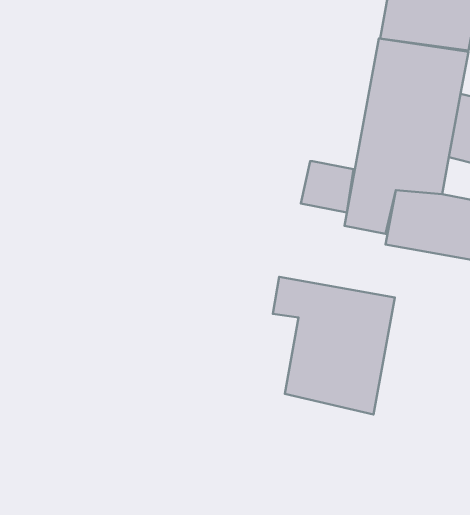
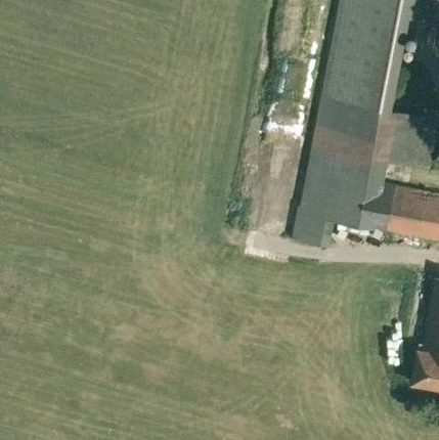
building: [301,161,354,213] -> [291,208,332,248]
building: [273,277,395,415] -> none

